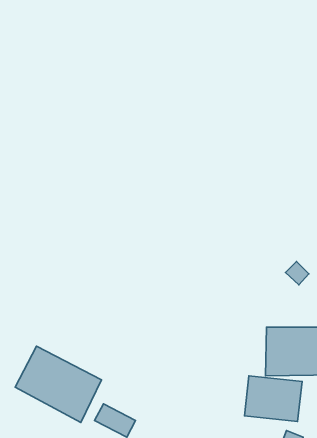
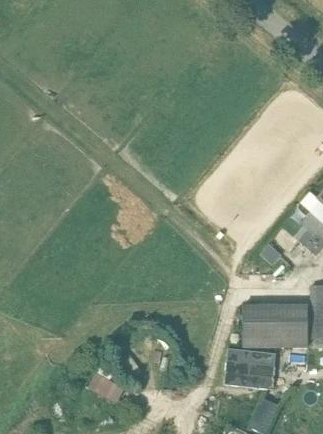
building: [15,346,102,422] -> none

